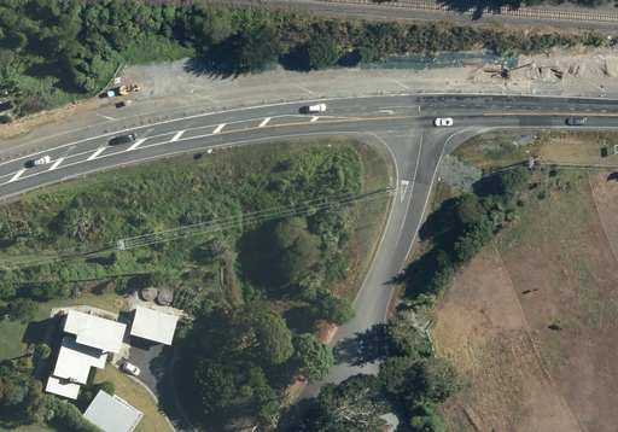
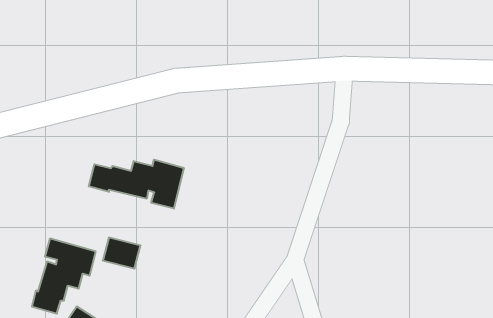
building: none -> [89,160,184,209]

